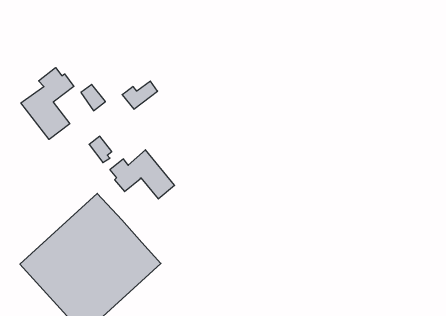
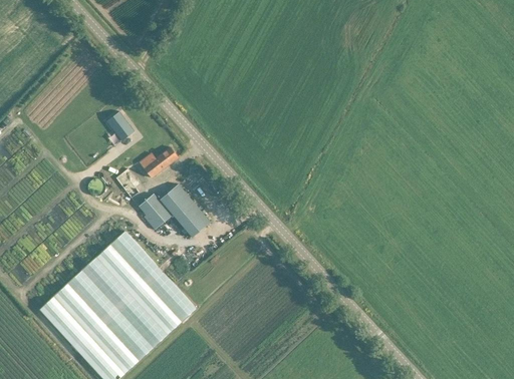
building: [21,68,74,139] -> none
building: [122,81,158,109] -> [139,145,178,176]

